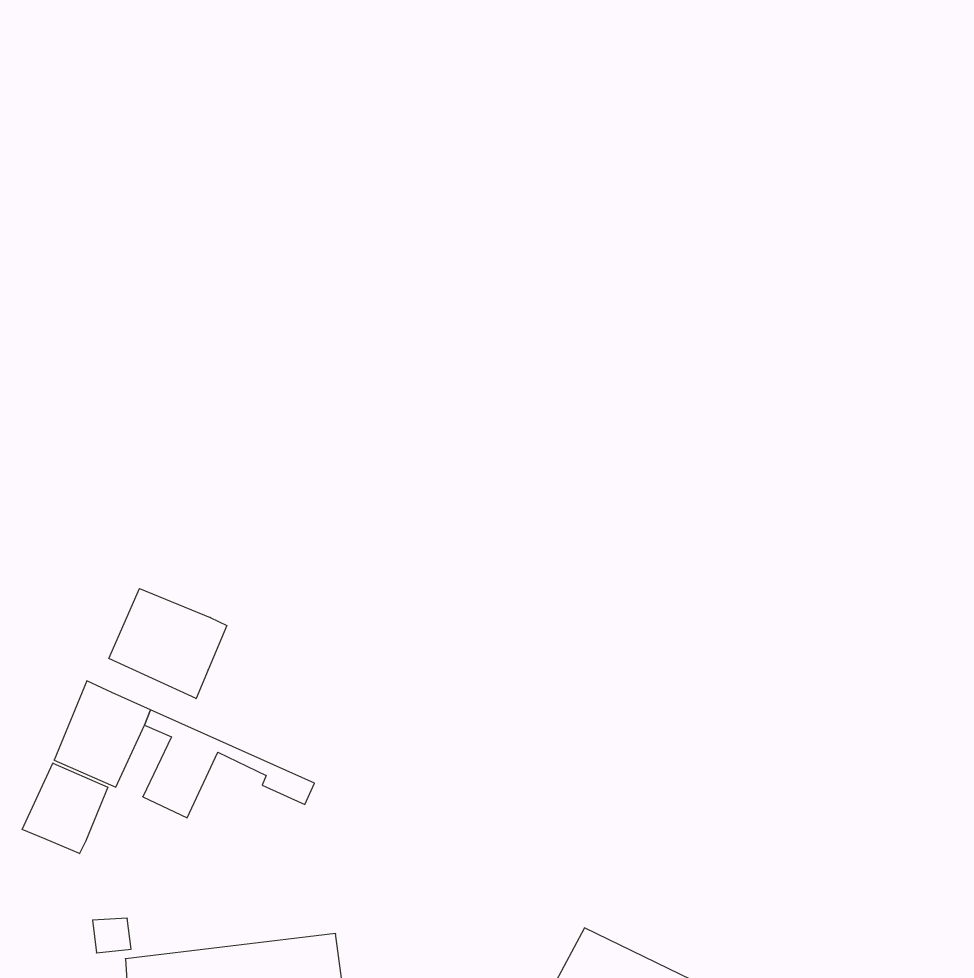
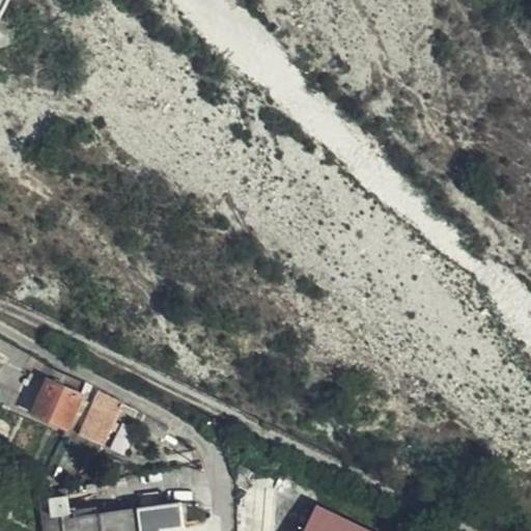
building: [109,589,227,699] -> none
building: [22,763,108,854] -> none

